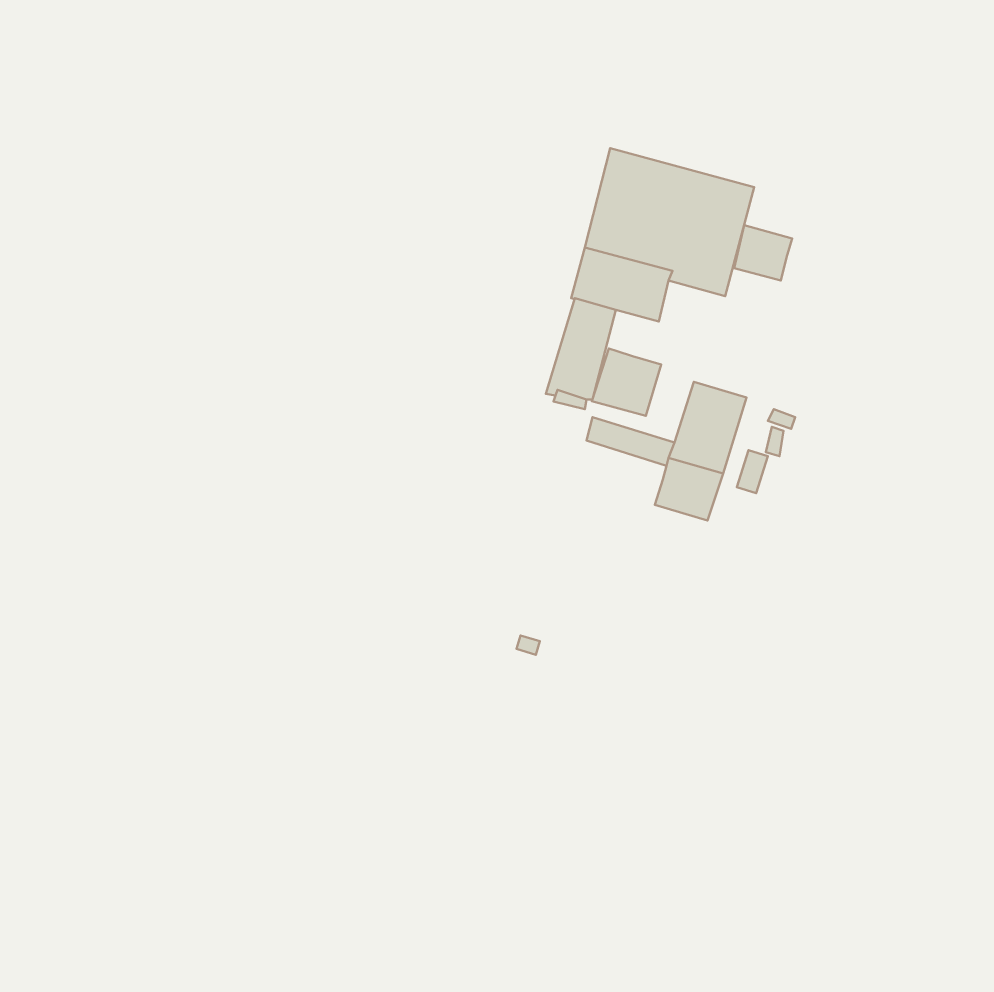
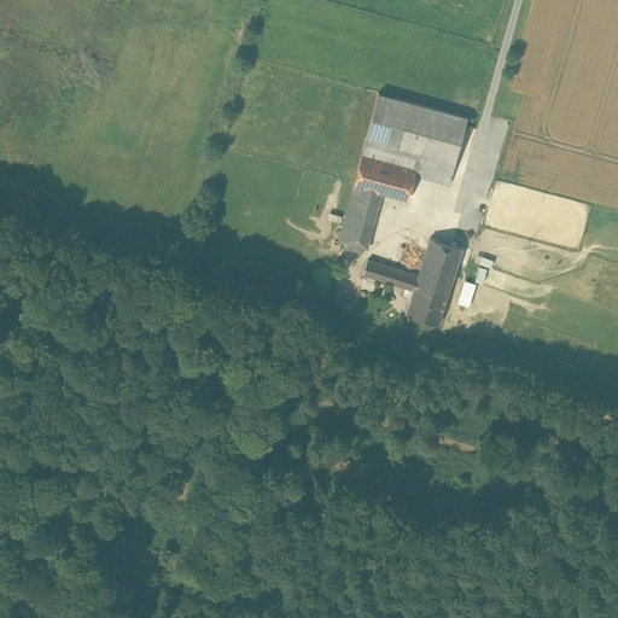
building: [734,225,792,280] -> none
building: [592,348,661,416] -> none

